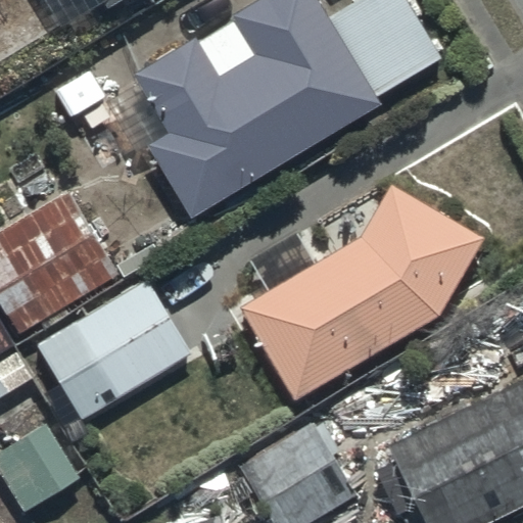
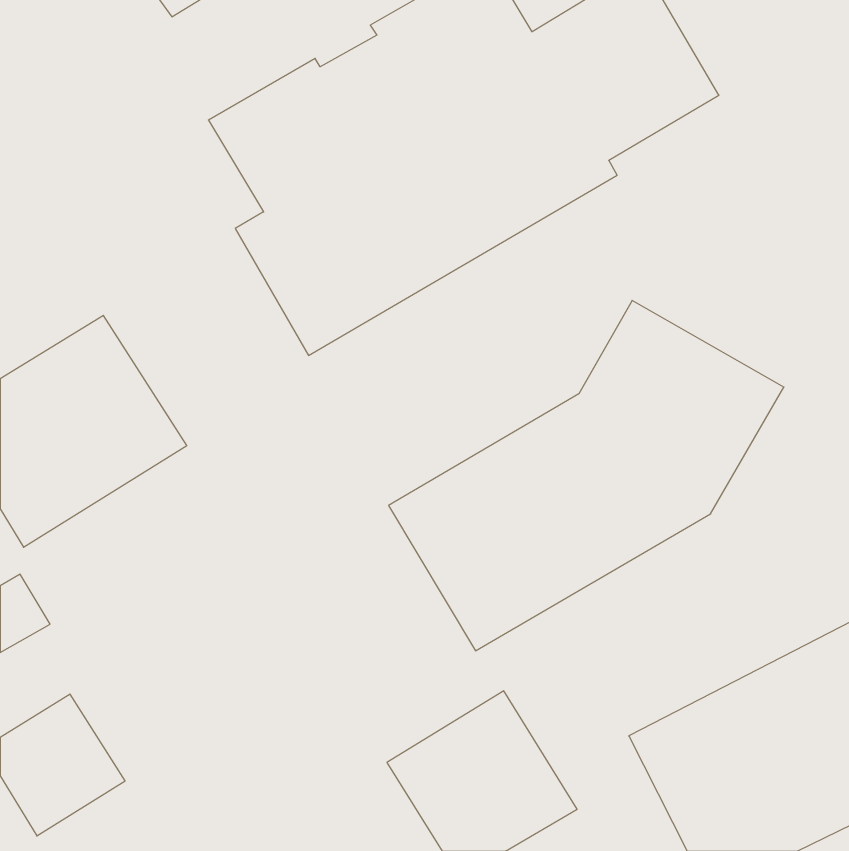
building: [37,280,189,420] -> none

